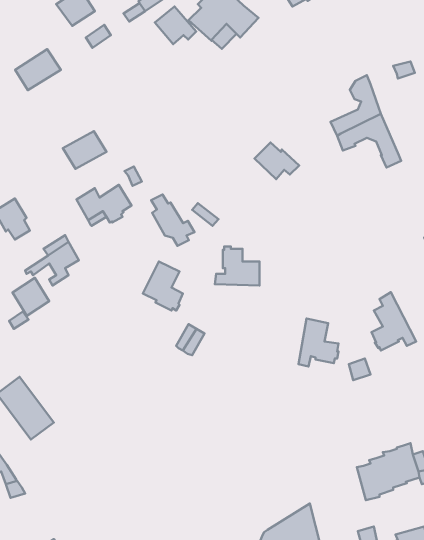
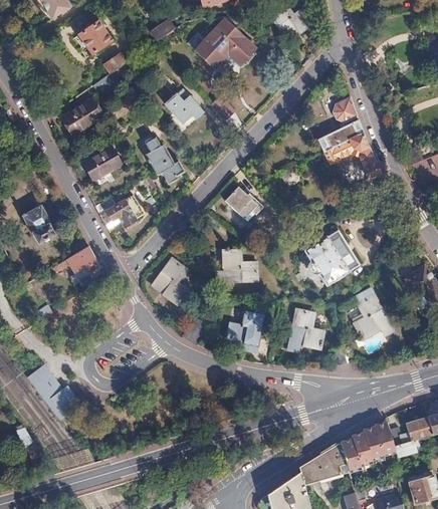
building: [155,6,196,44] -> [166,88,202,121]
building: [15,49,61,90] -> [62,97,102,134]
building: [255,143,299,179] -> [225,186,264,218]
building: [151,195,195,246] -> [145,137,183,182]
building: none -> [304,229,360,284]
building: [13,278,49,316] -> none
building: none -> [227,310,265,352]
building: none -> [301,441,351,485]

